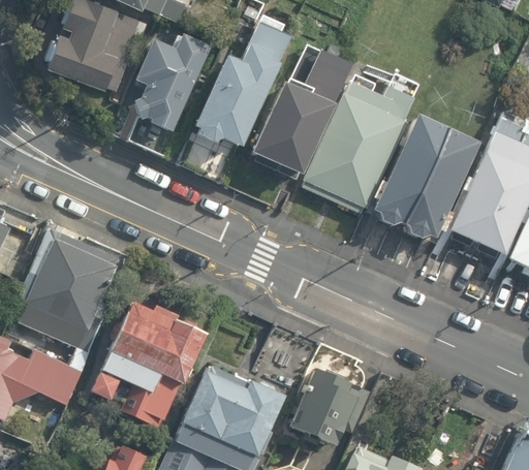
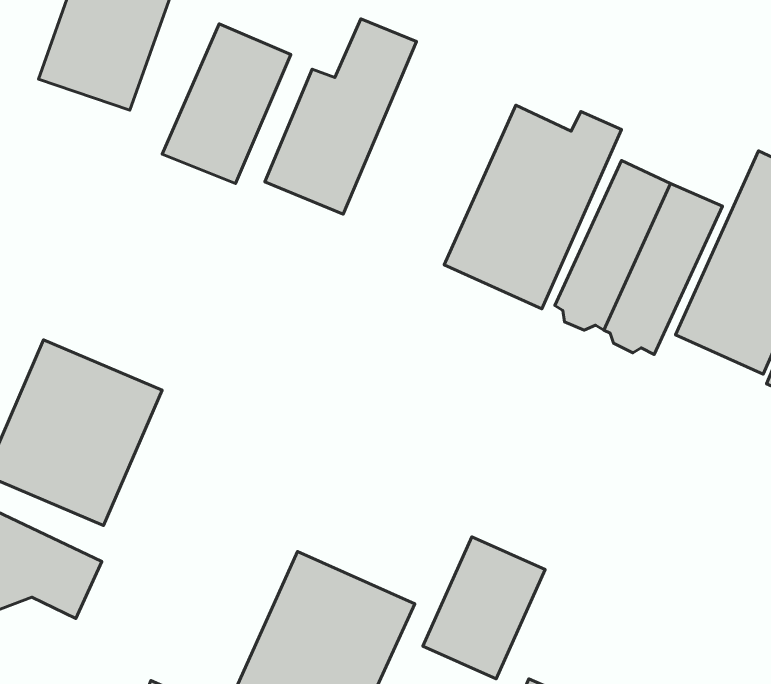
building: [246,53,350,179] -> none
building: [89,299,206,425] -> none

